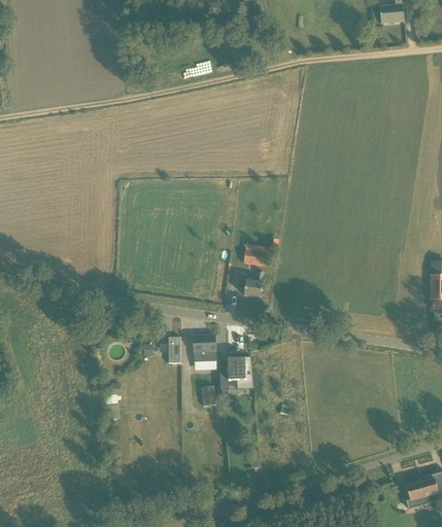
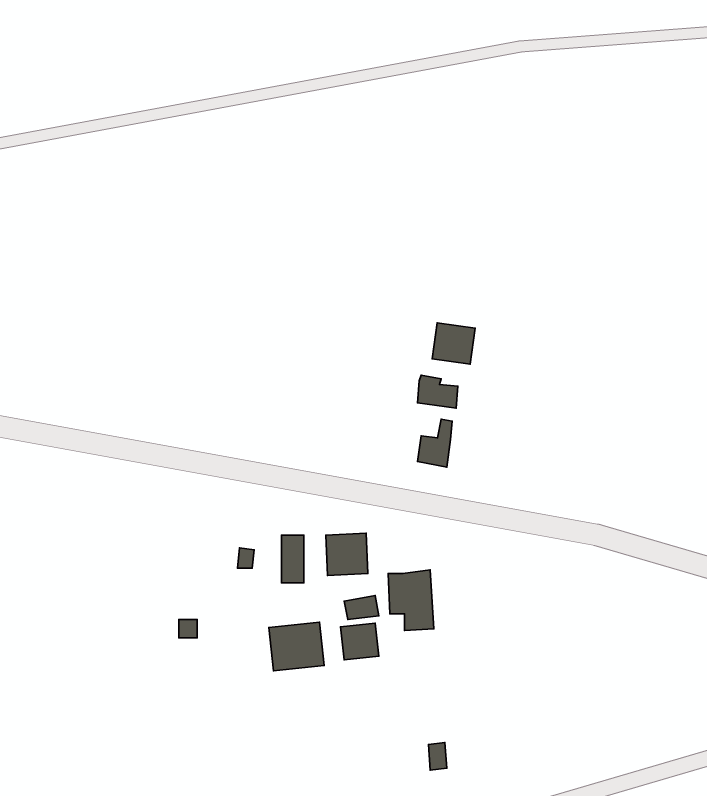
building: none -> [432,323,475,364]
building: none -> [269,622,324,671]

